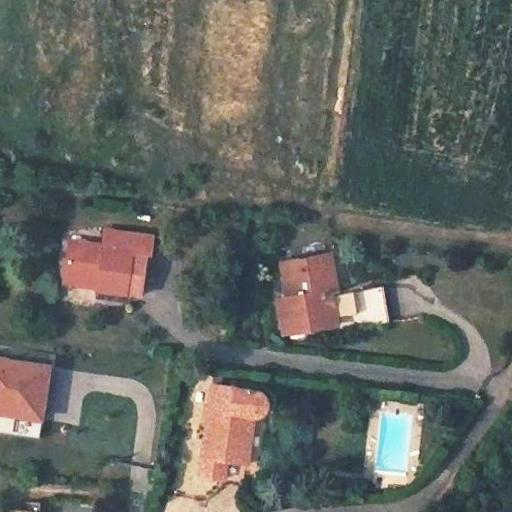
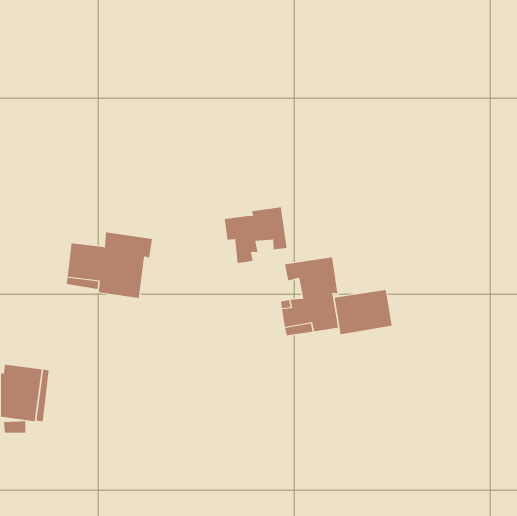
building: none -> [224,206,287,264]
building: [200,386,264,485] -> none

